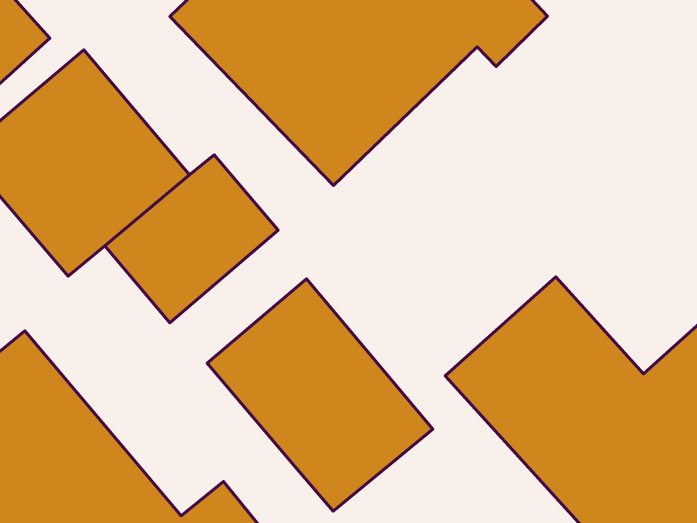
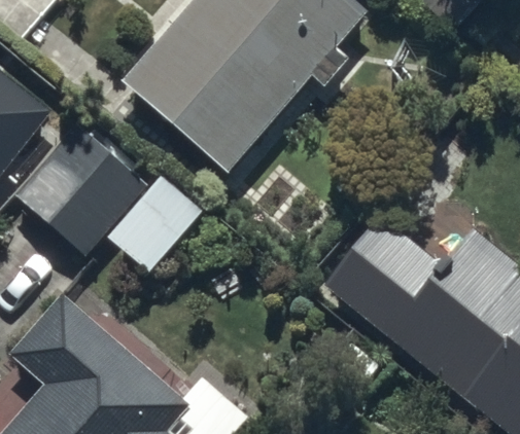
building: [207,279,433,511] -> none

